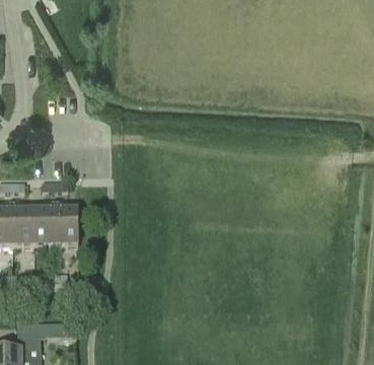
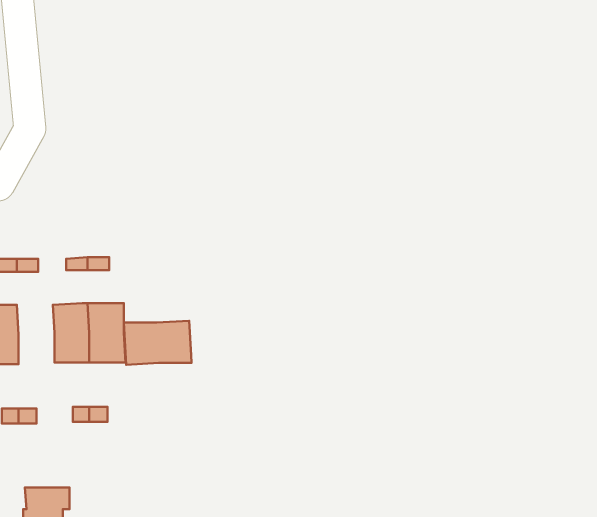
building: [11,210,34,246] -> none
building: none -> [124,321,192,365]

